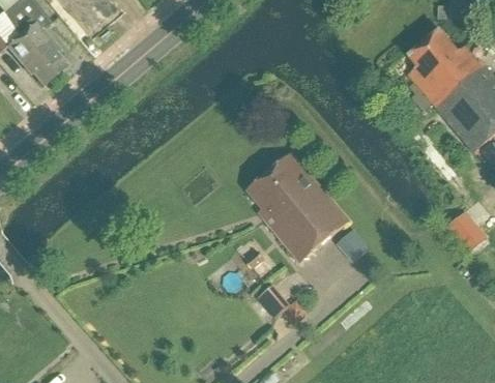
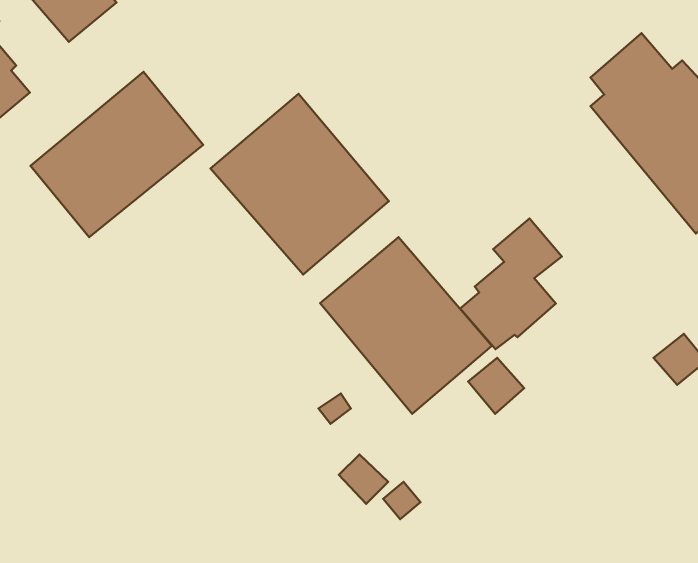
building: none -> [31,72,203,237]
building: none -> [211,94,389,274]
building: none -> [460,218,562,349]

